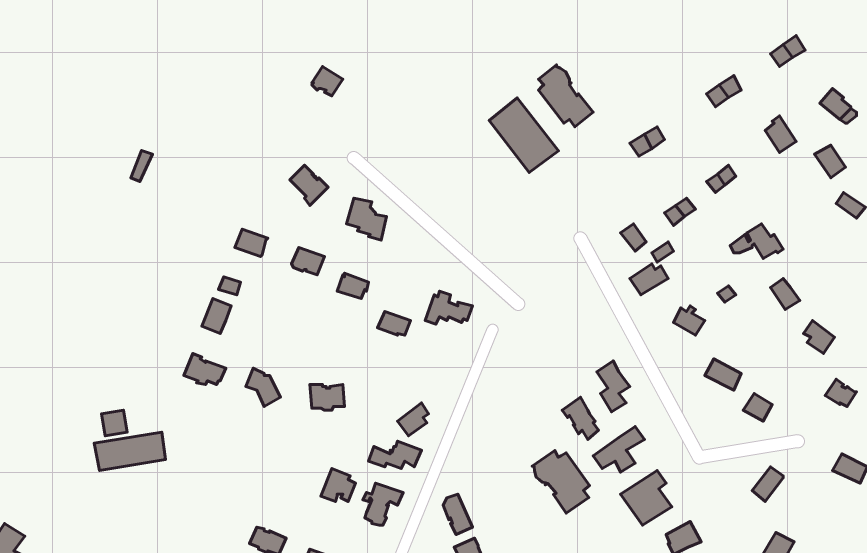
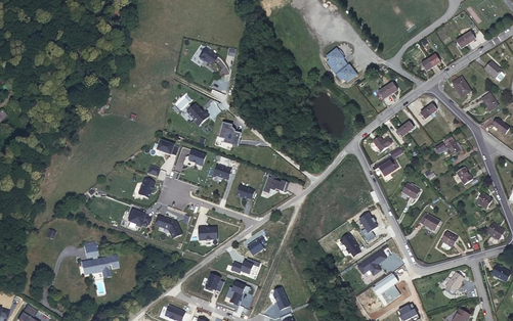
building: [489,98,559,172] -> none
building: [532,450,590,513] -> none

